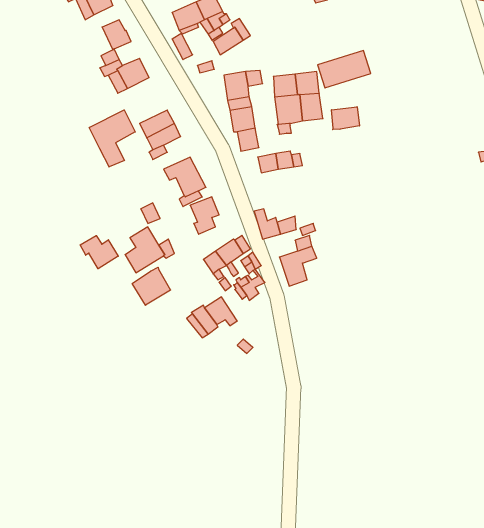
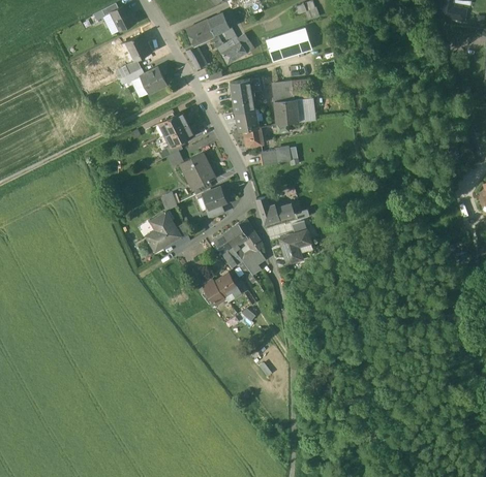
building: [318,51,371,88] -> [266,29,311,61]
building: [332,107,359,130] -> none
building: [89,110,135,167] -> none
building: [80,236,118,269] -> none
building: [132,267,171,305] -> none

